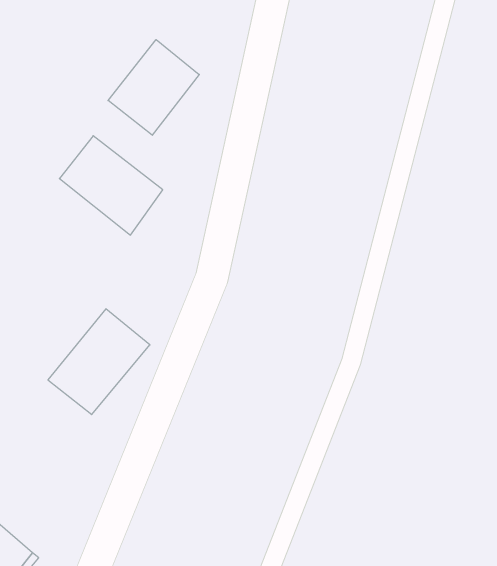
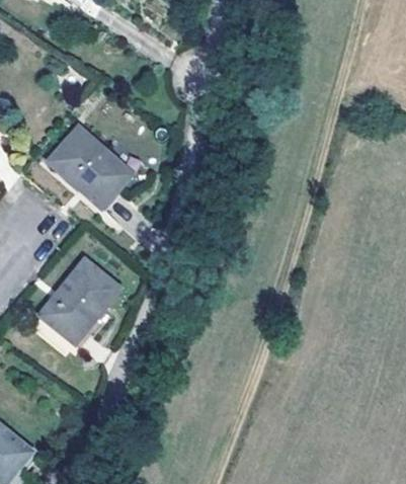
building: [108,40,199,135] -> none

